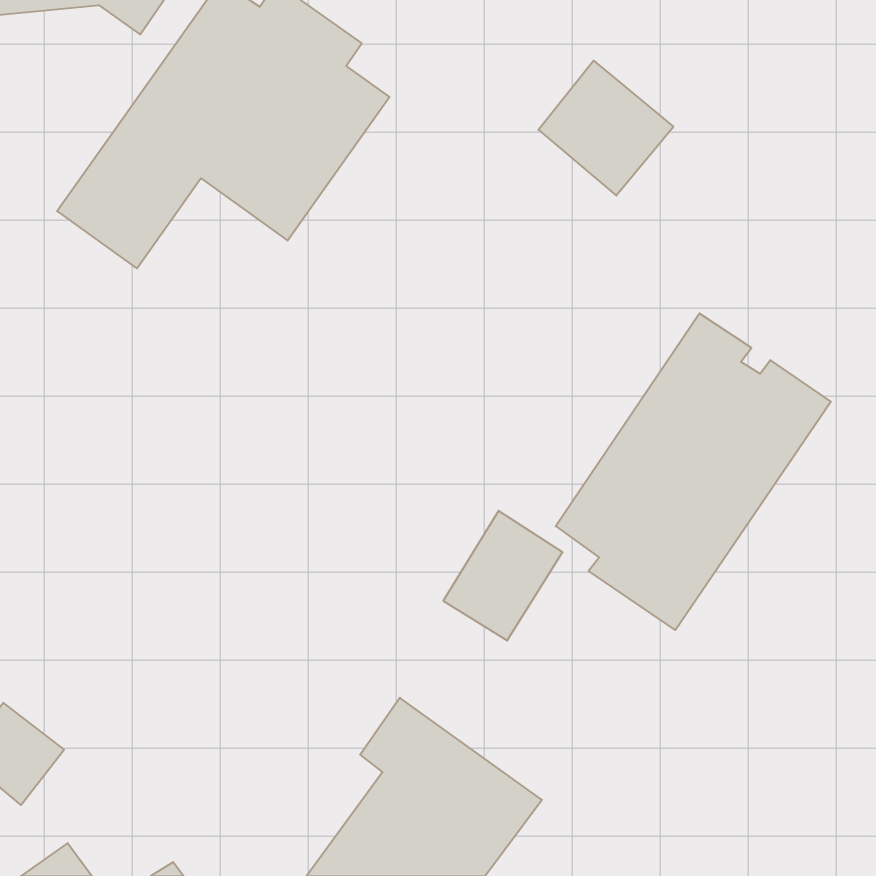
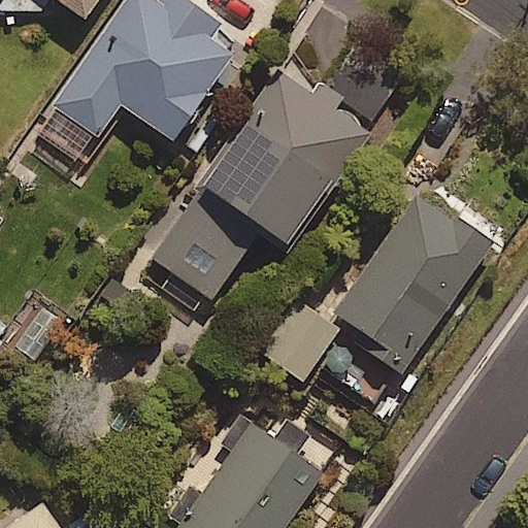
building: none -> [148,81,369,300]

